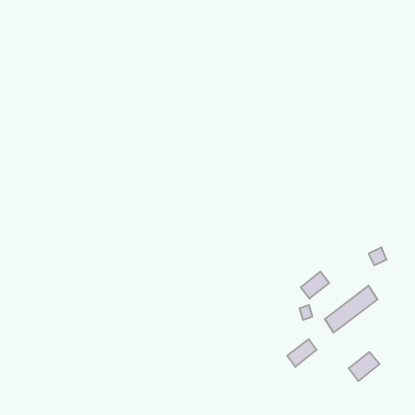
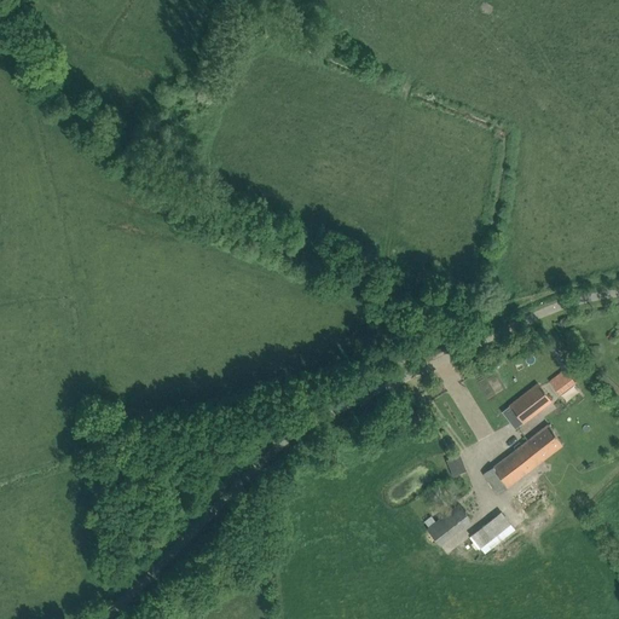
building: [301,272,329,299] -> [508,384,550,424]
building: [349,352,380,381] -> [469,511,515,555]

